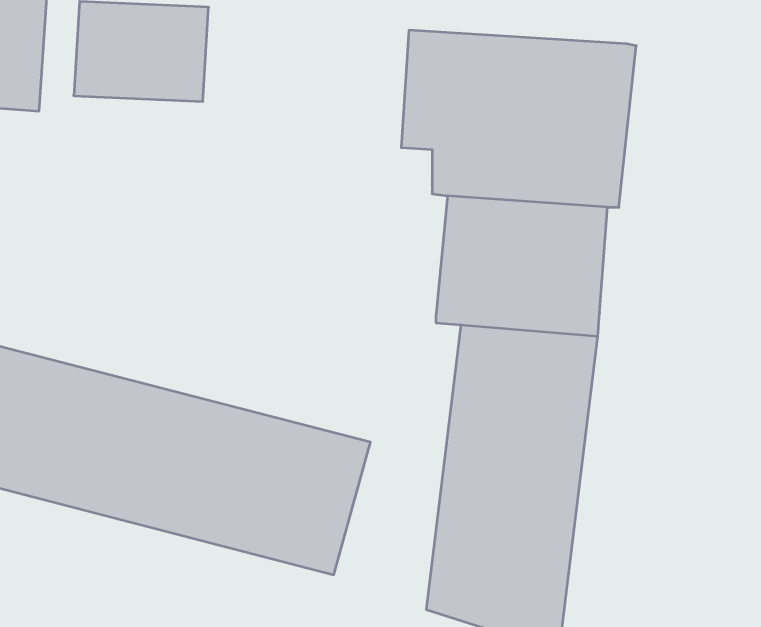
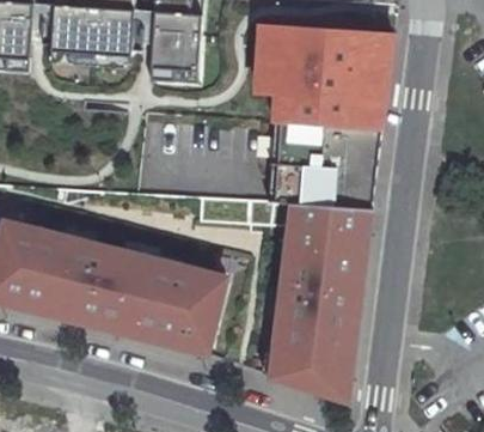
building: none -> [149,11,200,85]

